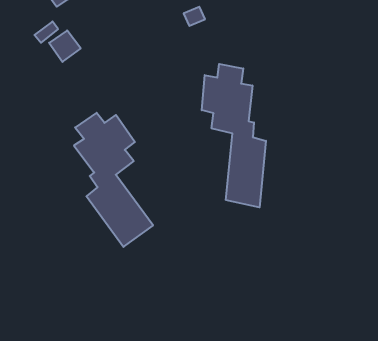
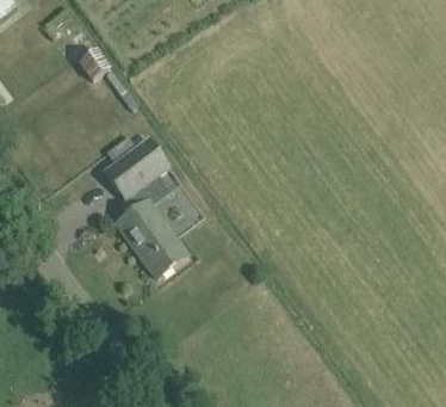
building: [202,64,266,207] -> none

